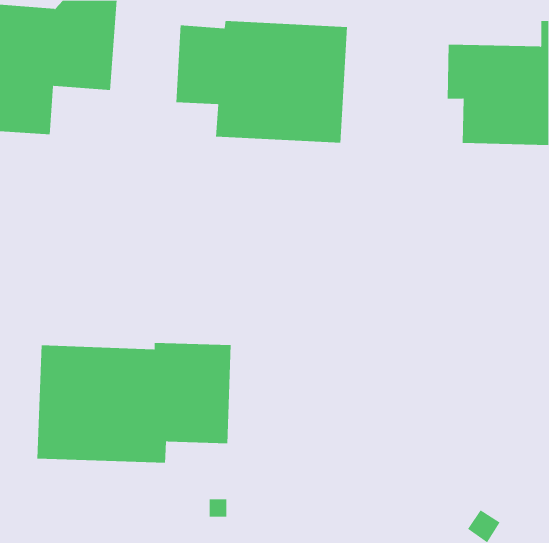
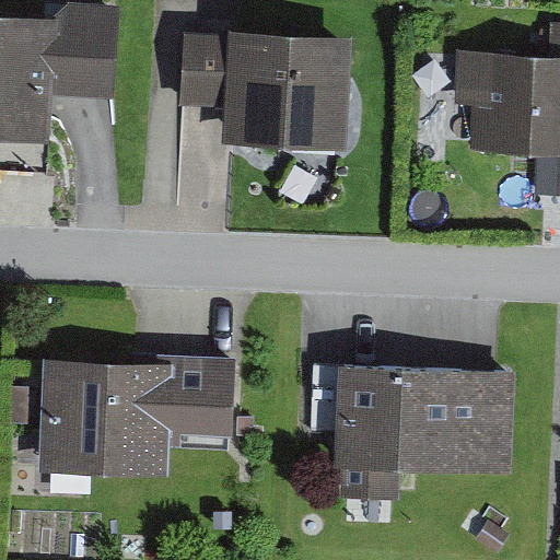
building: none -> [310,364,515,506]

